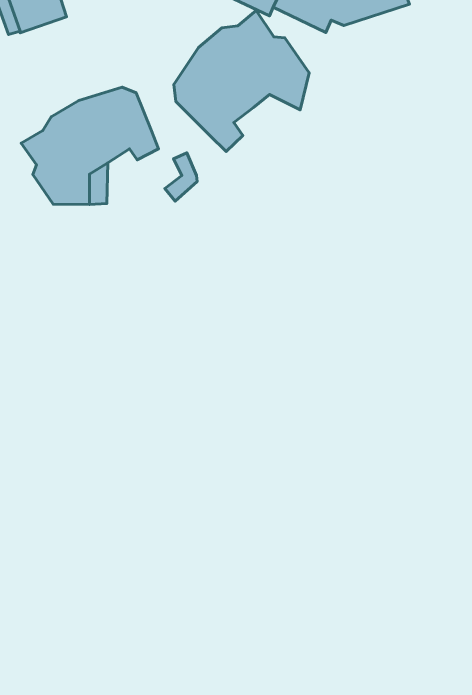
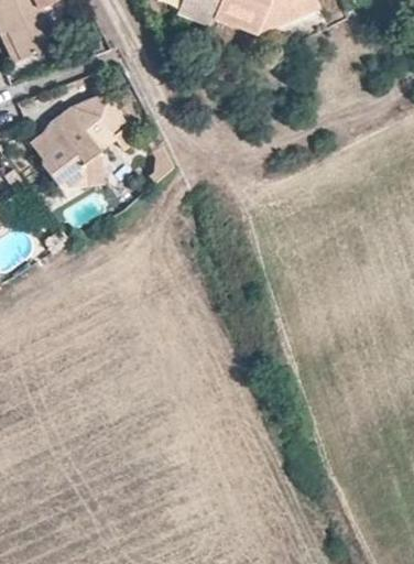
building: [174,10,309,152] -> none

